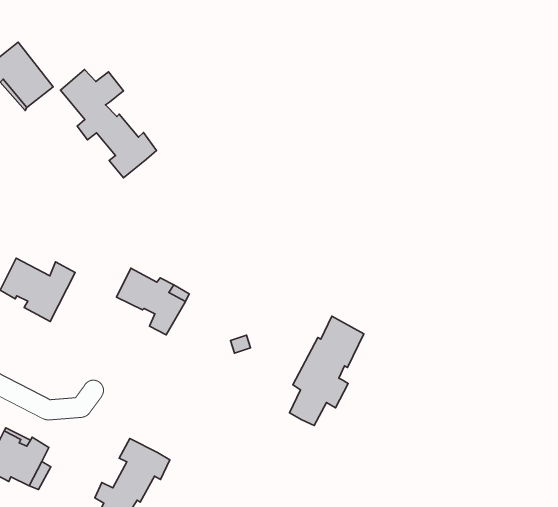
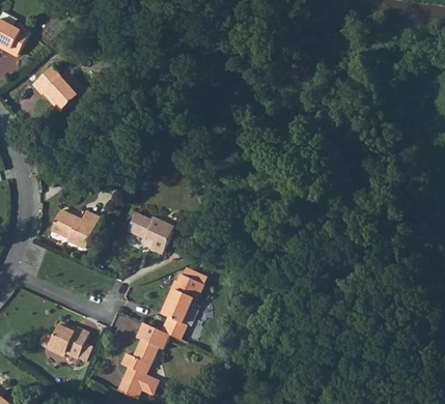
building: [60,70,156,178] -> none
building: [290,316,364,425] -> [161,266,206,339]

